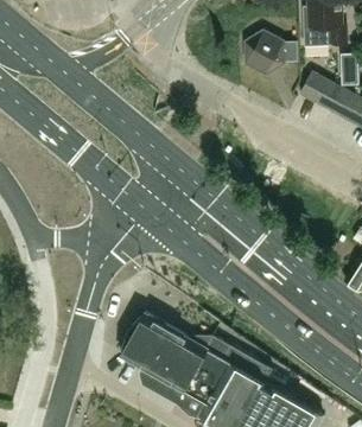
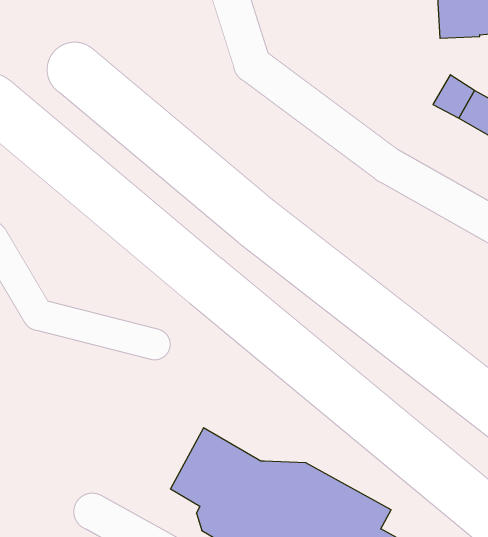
building: [244,31,297,76] -> none

